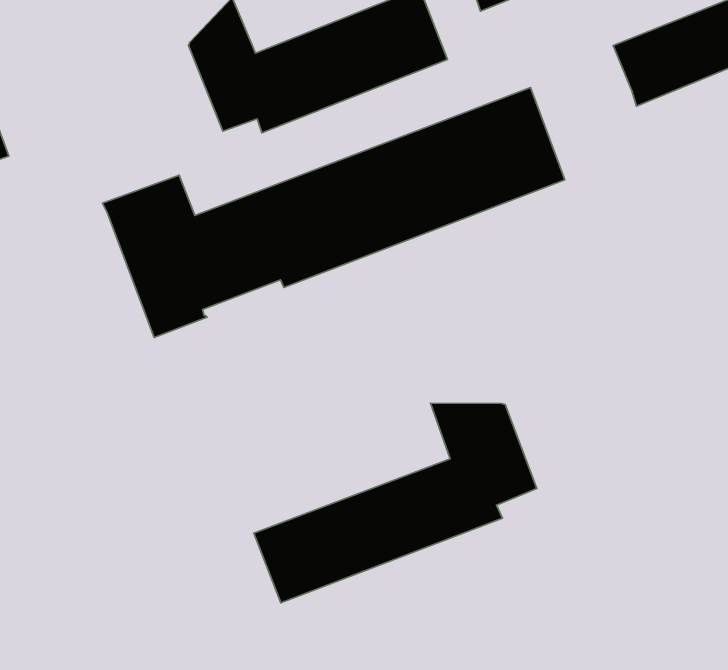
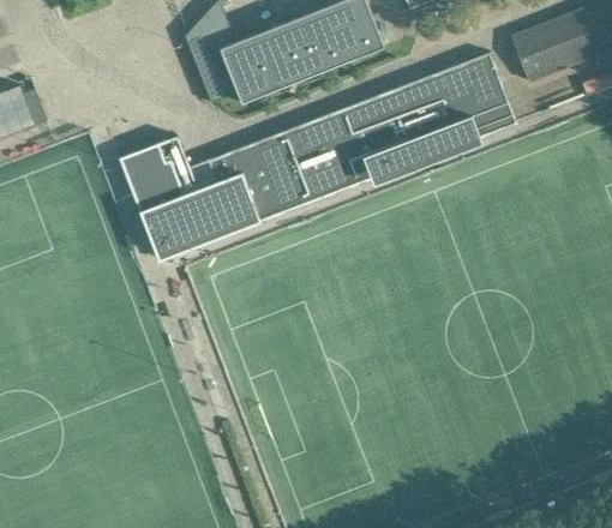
building: none -> [446,53,516,140]
building: [254,403,537,603] -> none

